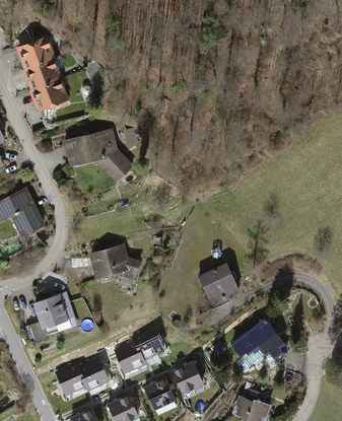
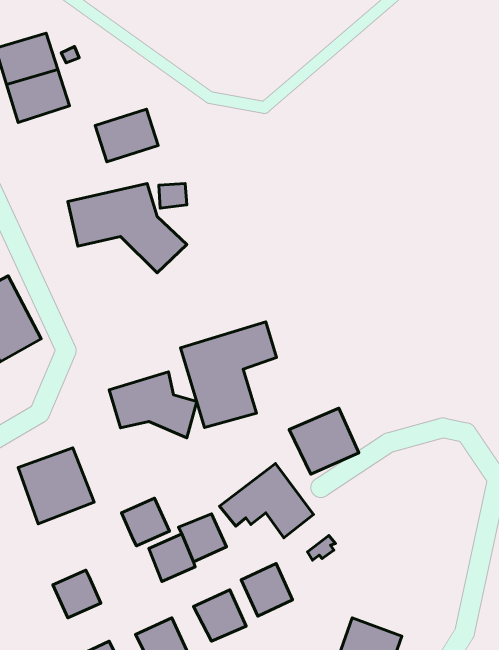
building: [32,80,71,113] -> [95,109,158,162]
building: none -> [180,322,276,427]
building: [233,321,291,366] -> [219,463,314,538]
building: [76,360,106,390] -> [122,498,169,546]

